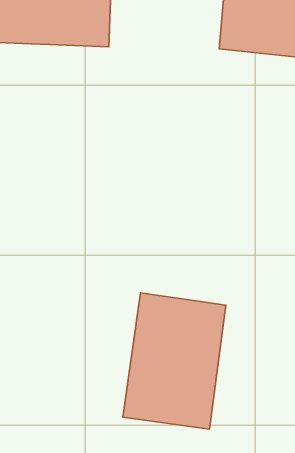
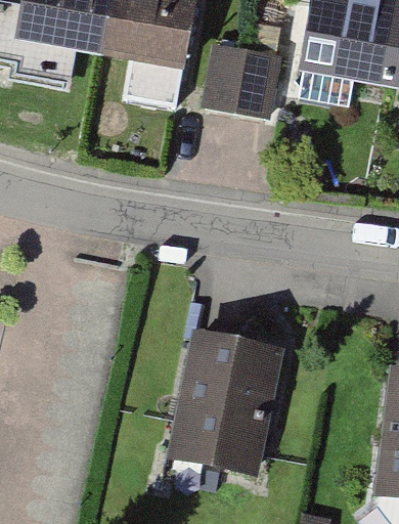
building: none -> [210,52,281,115]

